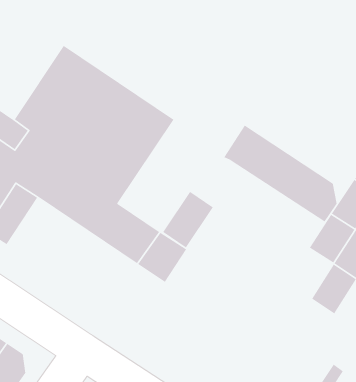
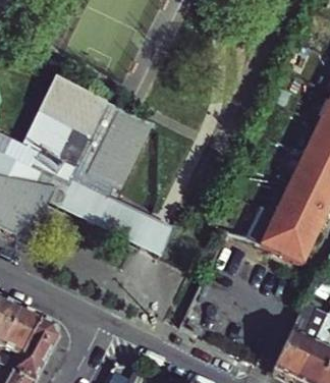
building: [223,125,337,222] -> none
building: [162,191,214,248] -> none
building: none -> [261,211,296,252]

